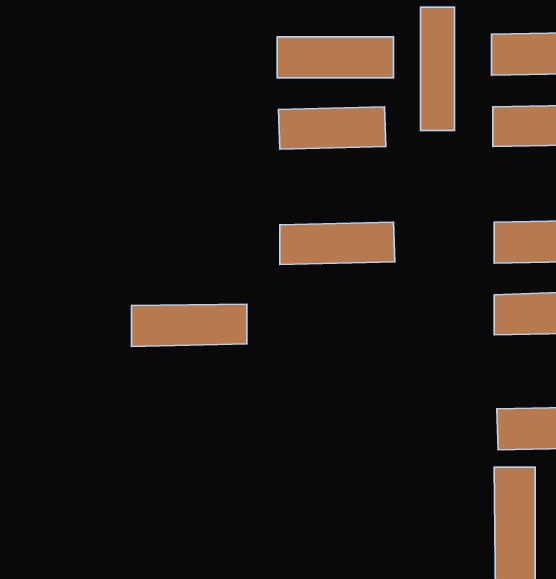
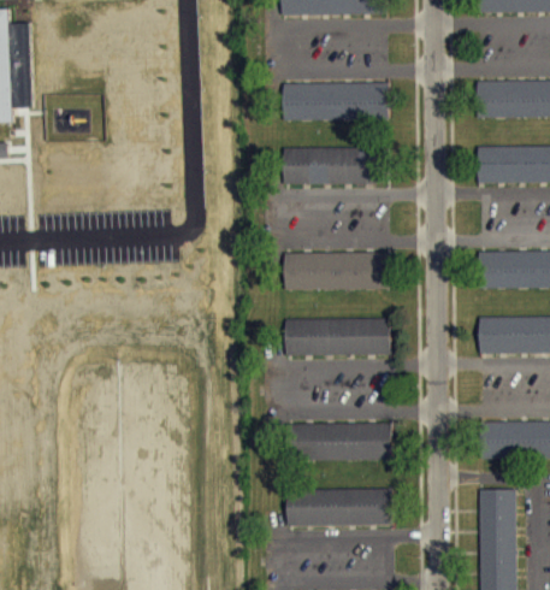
building: [421,7,454,131] -> none
building: [132,304,247,347] -> [285,318,390,356]
building: none -> [292,423,392,460]
building: none -> [286,488,392,527]

